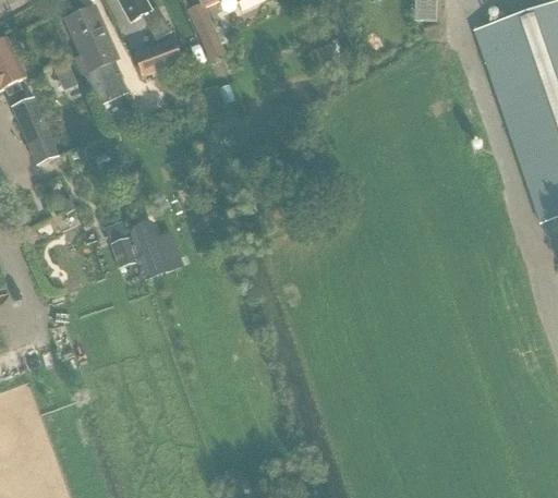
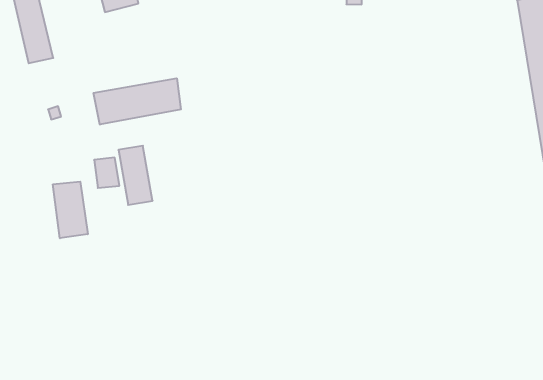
building: none -> [94,78,181,125]
building: none -> [53,182,88,238]

